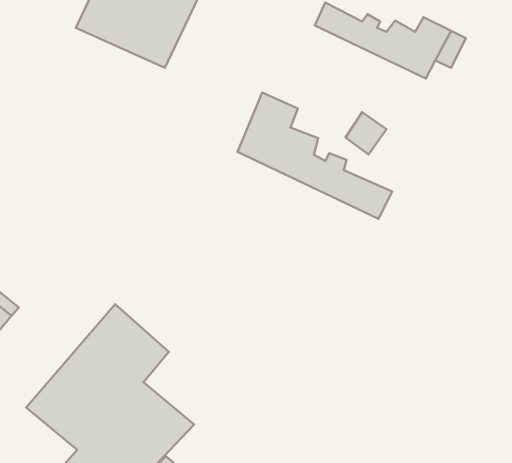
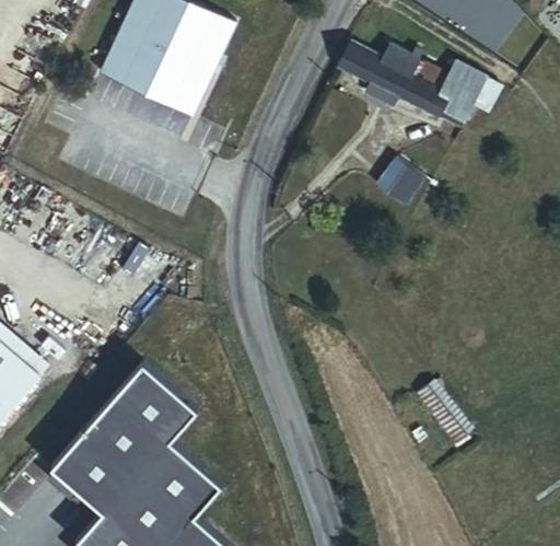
building: [237,92,392,219] -> none

